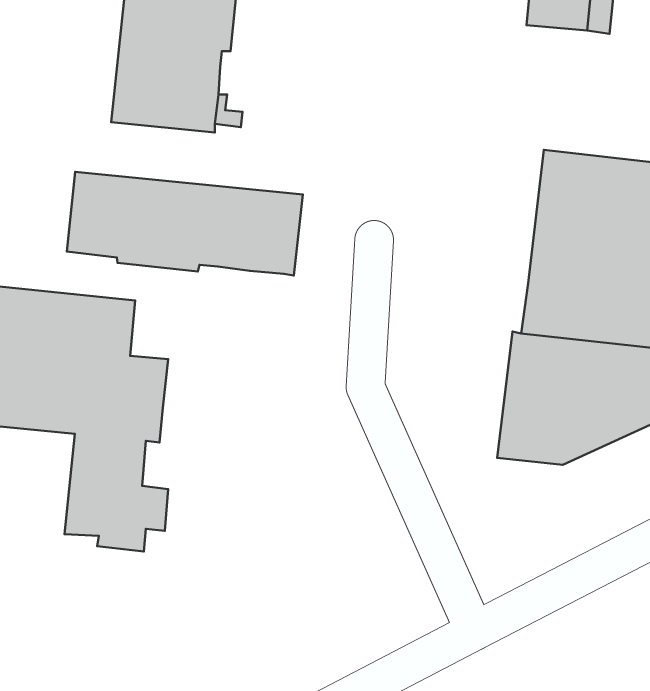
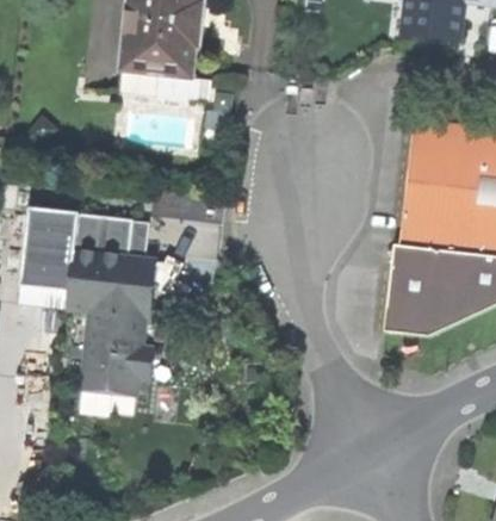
building: [67,172,303,276] -> none

